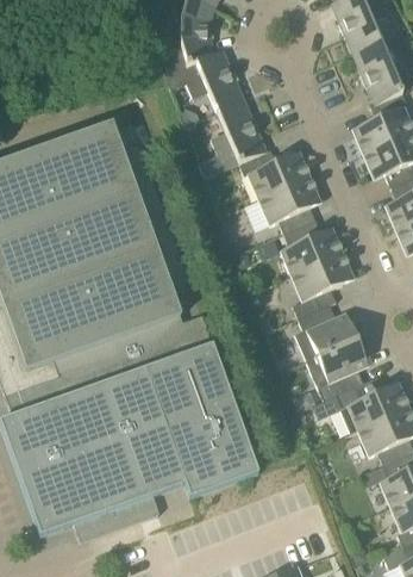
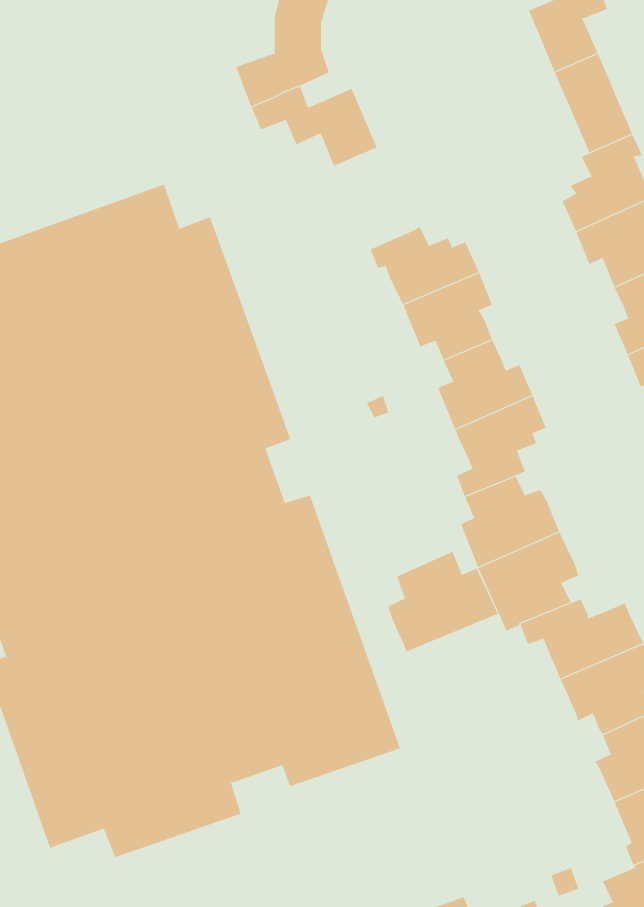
building: [212,100,267,168] -> none
building: none -> [388,551,498,652]

